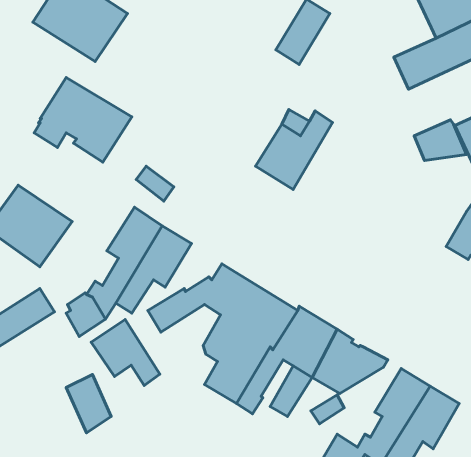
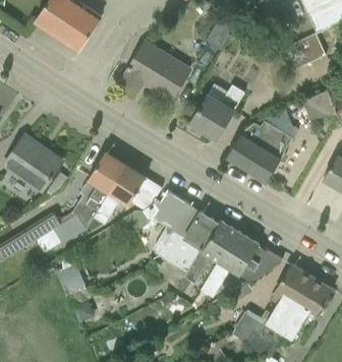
building: [34,78,132,162] -> [123,41,191,100]
building: none -> [226,121,292,181]
building: [91,320,160,385] -> none

